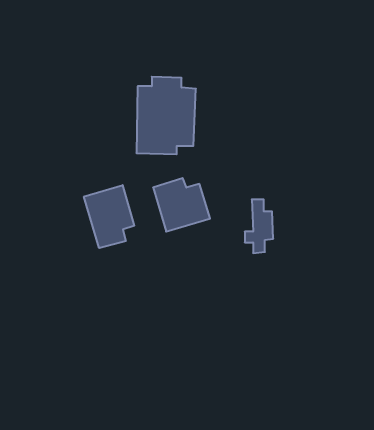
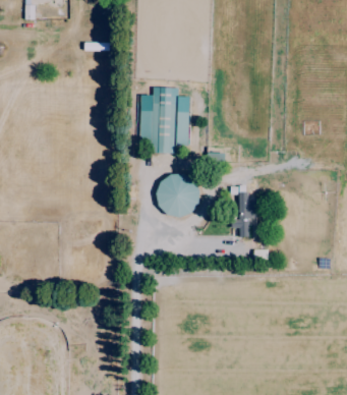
building: [84,185,134,248] -> none

